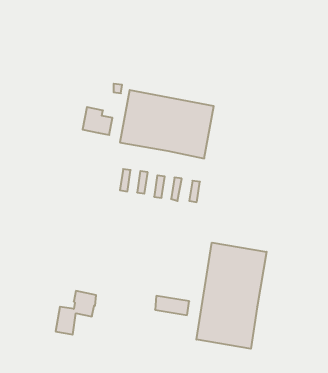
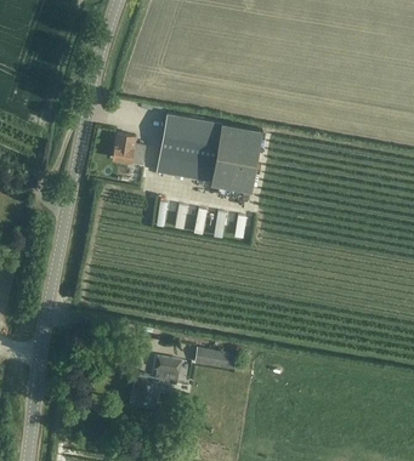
building: [196,243,267,349] -> none
building: [56,291,96,335] -> [134,354,180,404]

